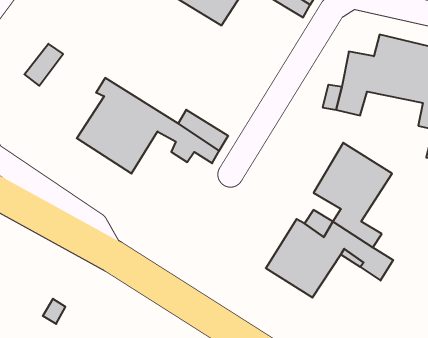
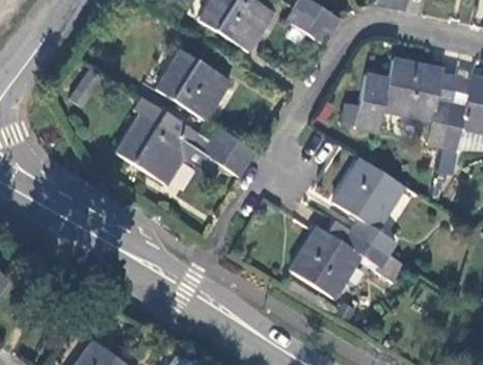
building: none -> [157,49,231,120]

